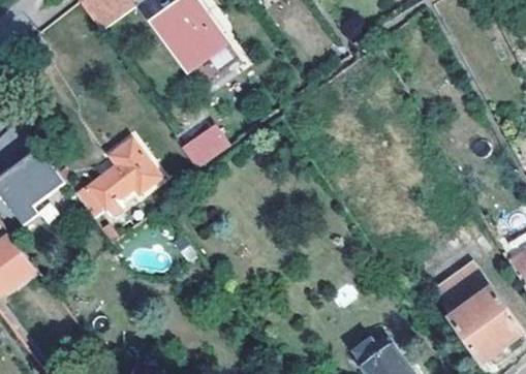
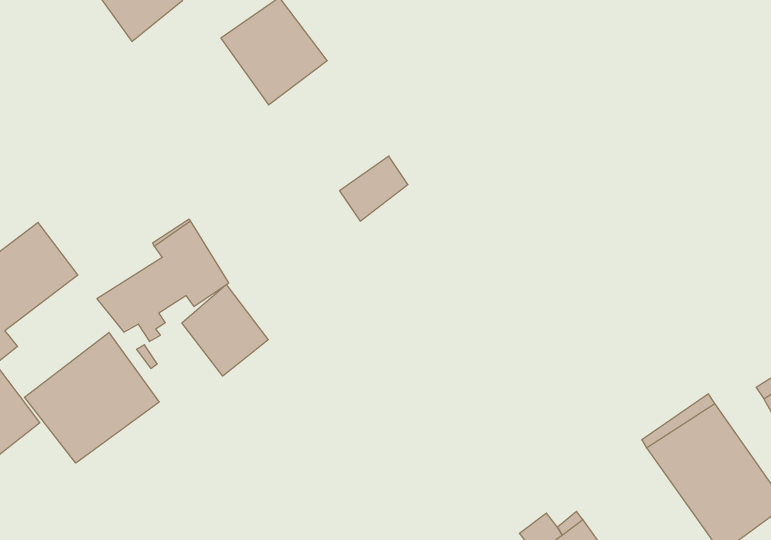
building: [183,124,227,166] -> [340,156,408,221]
building: none -> [182,285,268,376]
building: none -> [24,332,159,463]

